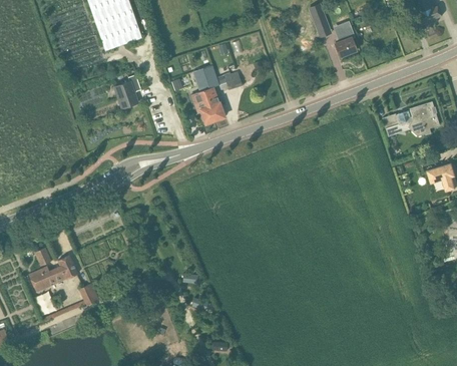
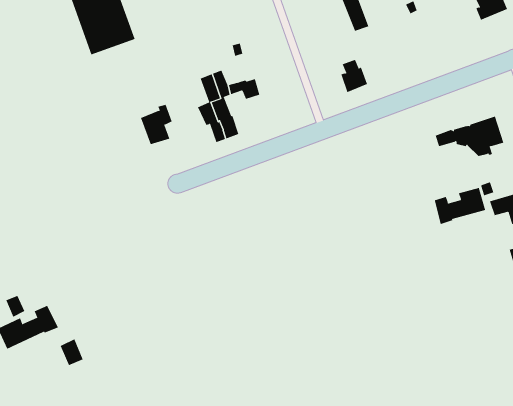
building: [335,29,357,56] -> [341,59,368,93]
building: [114,74,140,107] -> [140,104,172,145]
building: none -> [434,187,486,225]

